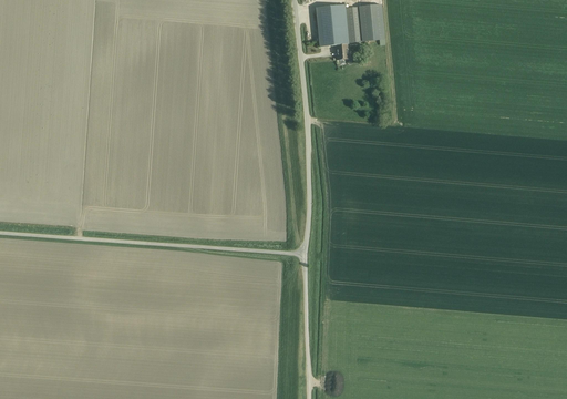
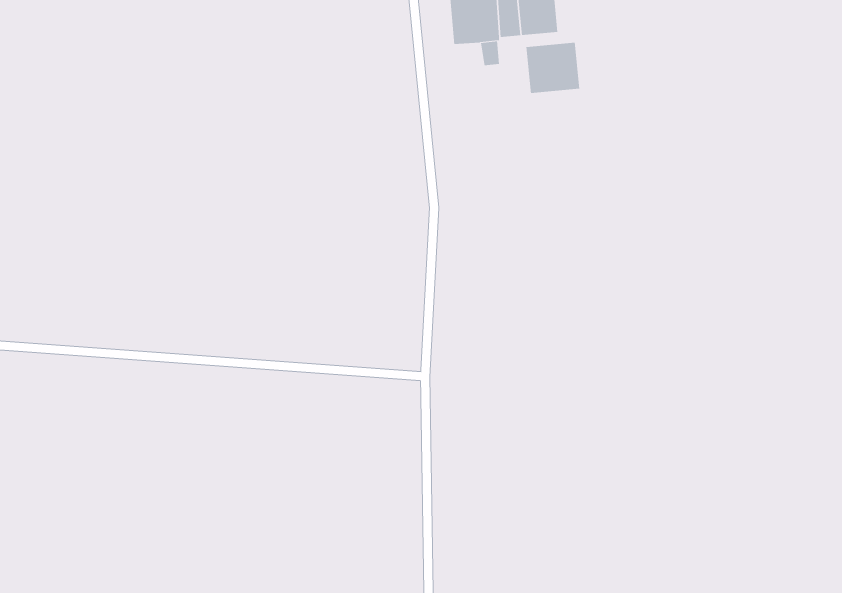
building: none -> [526,42,580,94]

